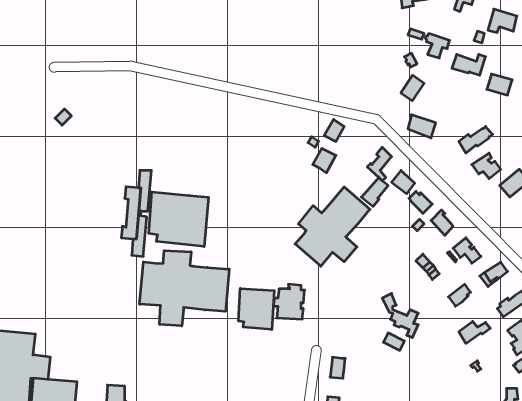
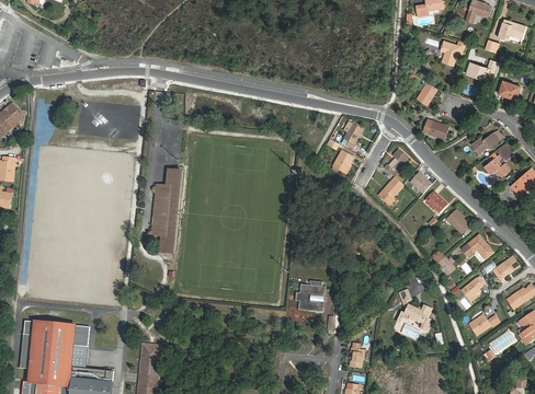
building: [295,187,370,266] -> none
building: [149,192,208,247] -> none
building: [140,251,229,326] -> none
building: [239,288,274,330] -> none
building: none -> [139,344,159,374]

